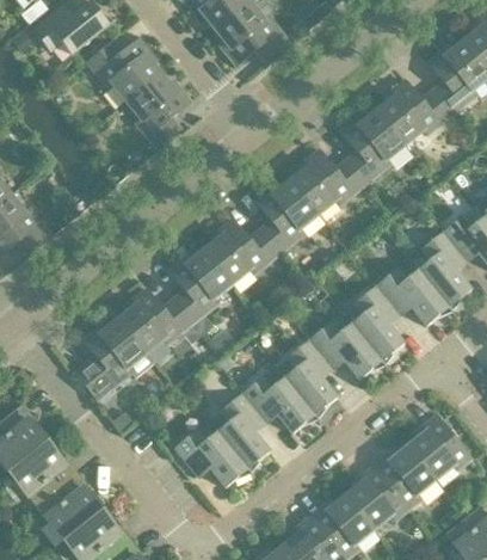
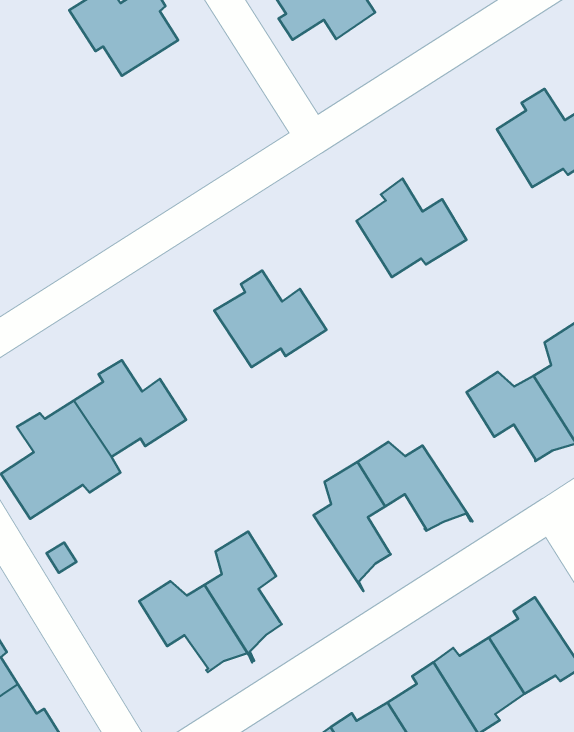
building: [127,73,191,148] -> none
building: [341,109,405,184] -> none
building: [255,179,319,253] -> none
building: [169,248,233,322] -> none
building: [351,284,405,369] -> none
building: [242,365,322,432] -> none

